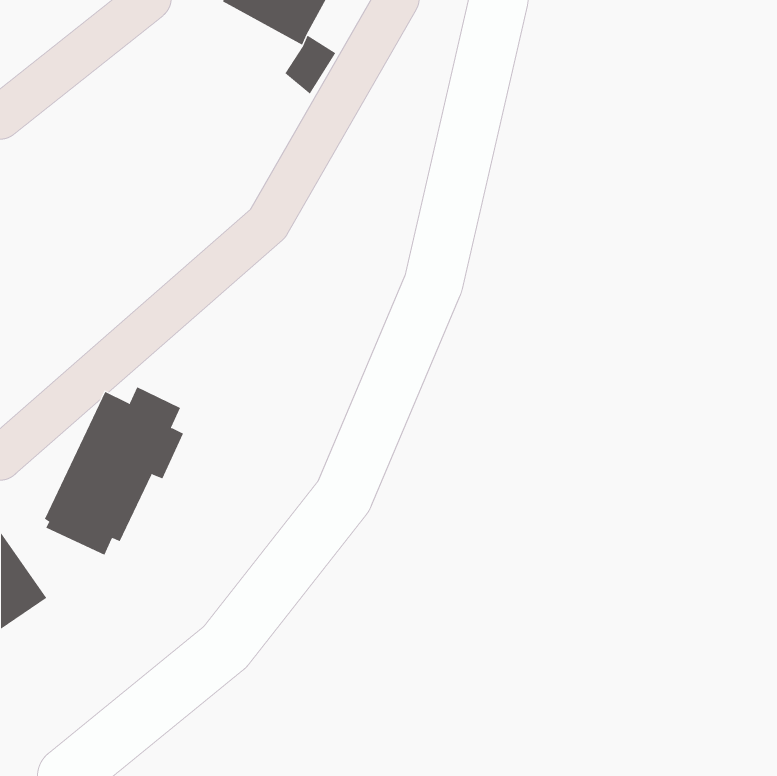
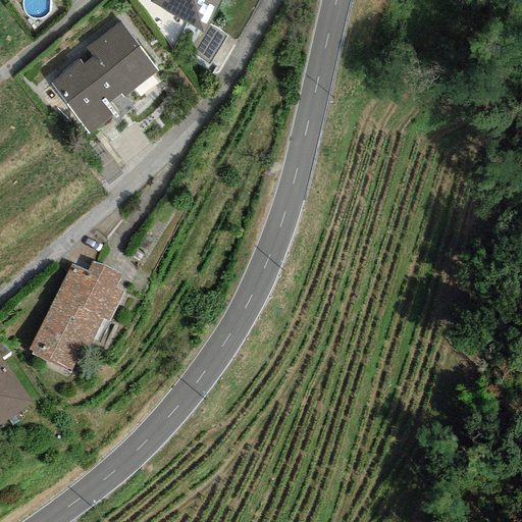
building: none -> [50,20,156,134]

